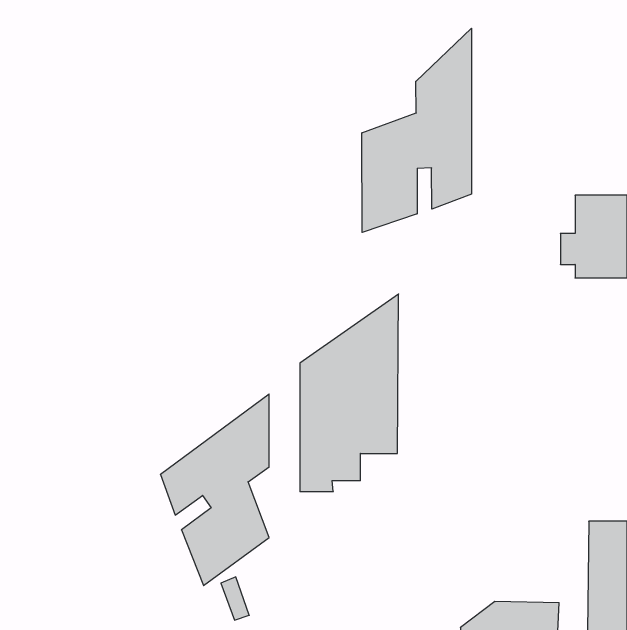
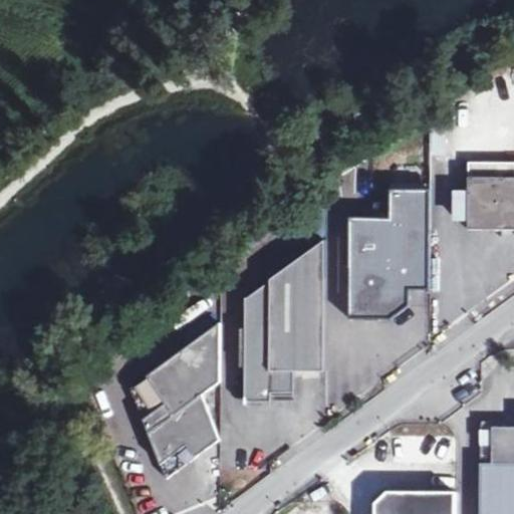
building: [362,28,471,232] -> none
building: none -> [348,188,430,317]

